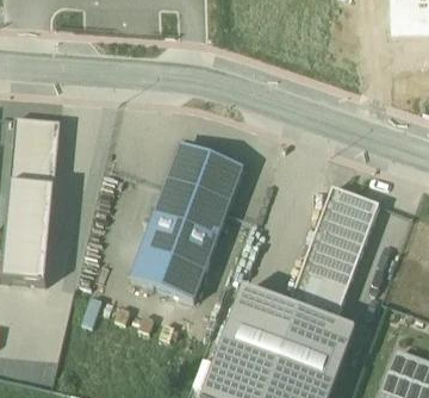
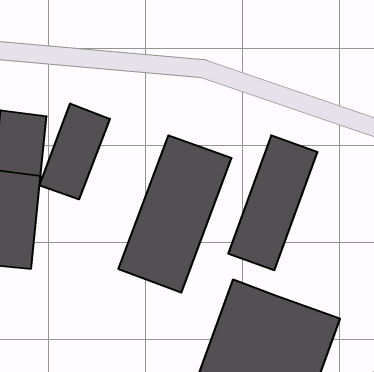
building: none -> [40,103,110,199]
building: [290,184,379,318] -> [228,135,318,270]

